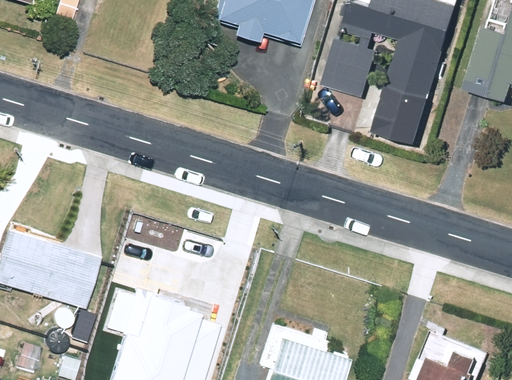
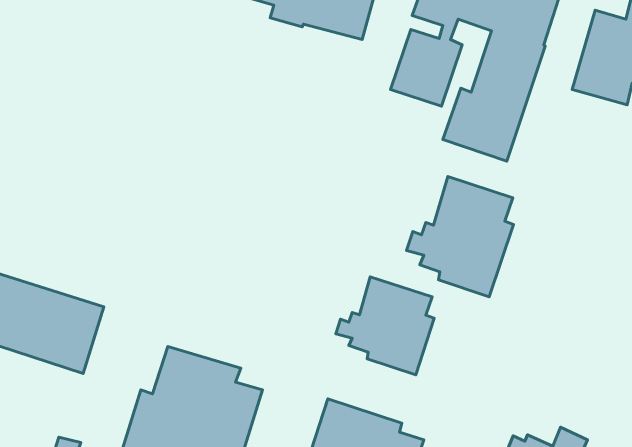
building: none -> [407,176,513,297]
building: none -> [336,277,434,375]

